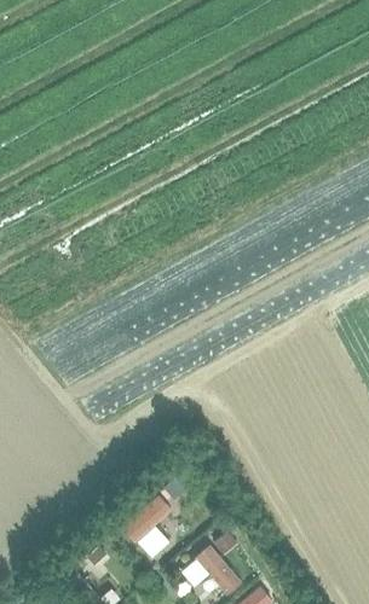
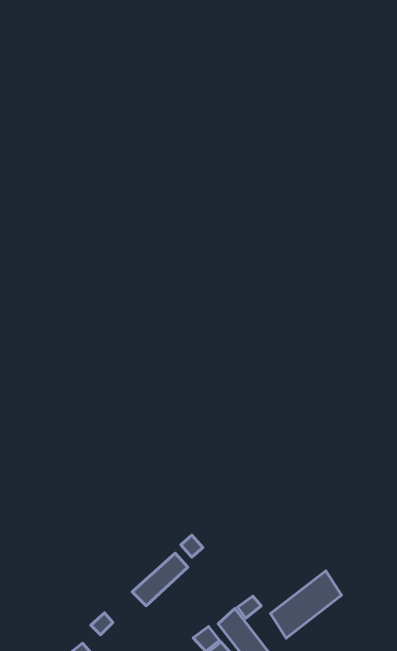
building: none -> [270,571,342,638]

